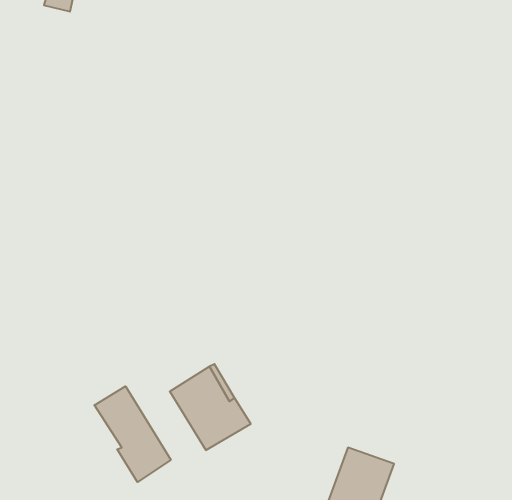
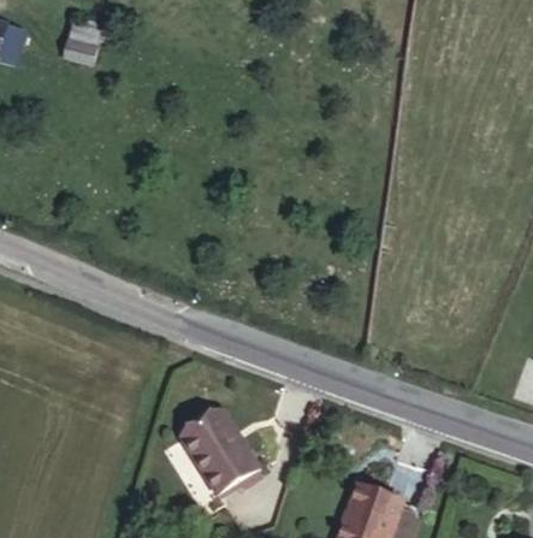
building: [94,386,171,482] -> none

